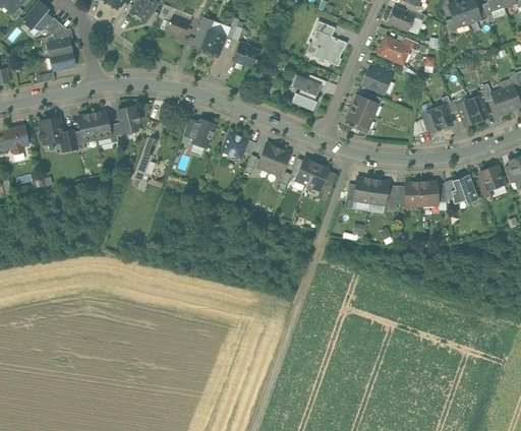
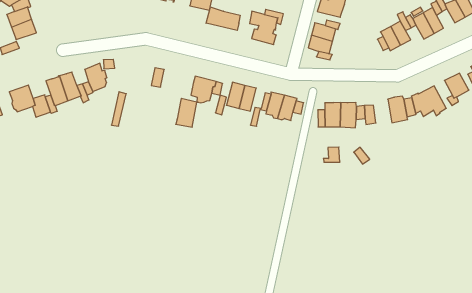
building: none -> [206,7,240,30]
building: [190,118,215,148] -> [176,98,197,127]
building: [404,182,421,207] -> none

